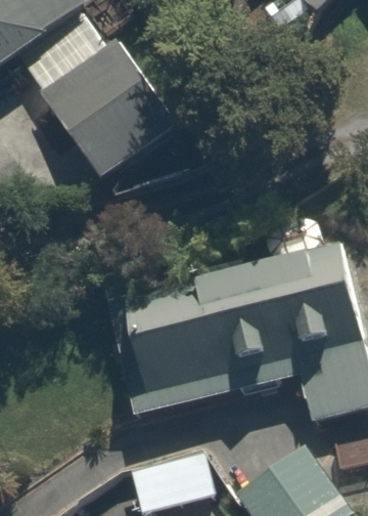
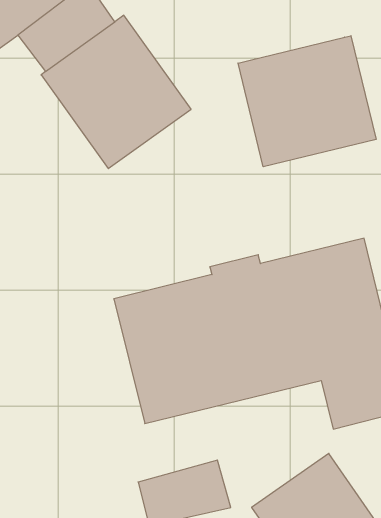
building: none -> [238,36,376,167]

